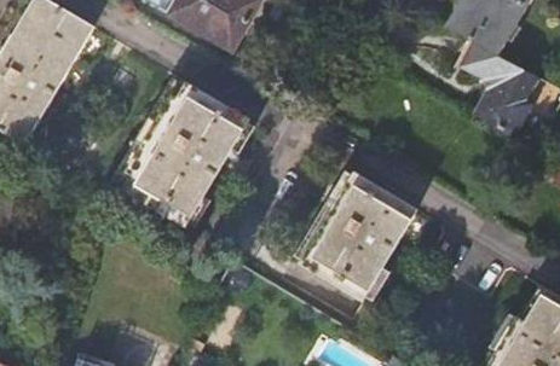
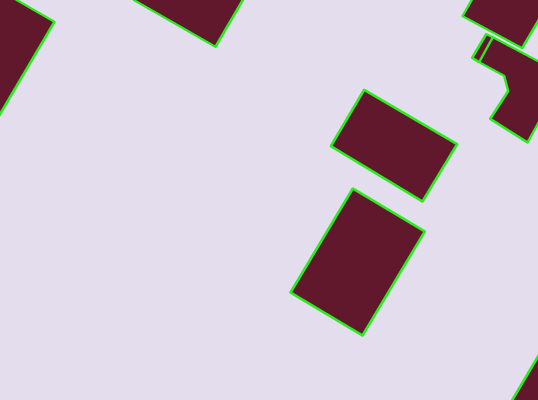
building: [125,81,250,225] -> none
building: none -> [331,90,457,201]

